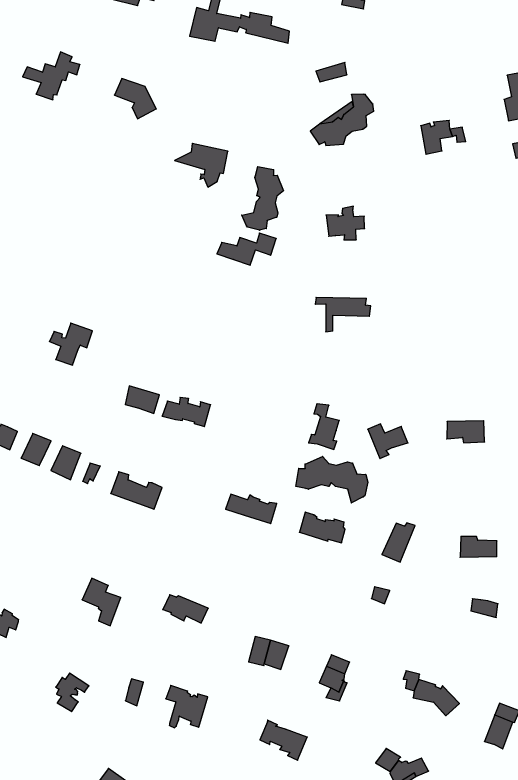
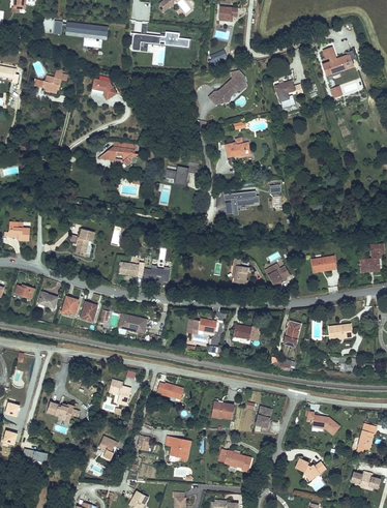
building: [175,143,228,187] -> [103,142,135,167]
building: [242,167,283,230] -> none
building: [296,456,368,503] -> none

